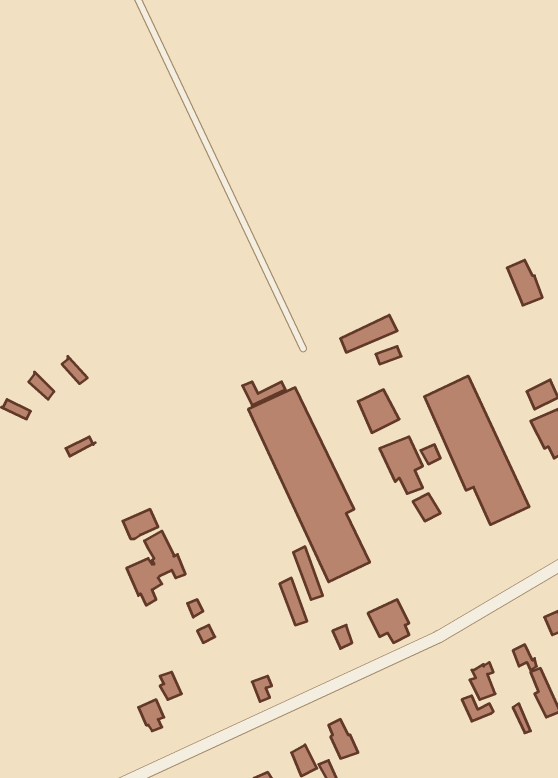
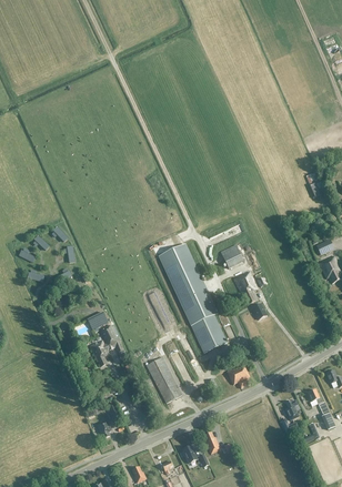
building: [424,376,529,525] -> none
building: none -> [147,357,182,403]

